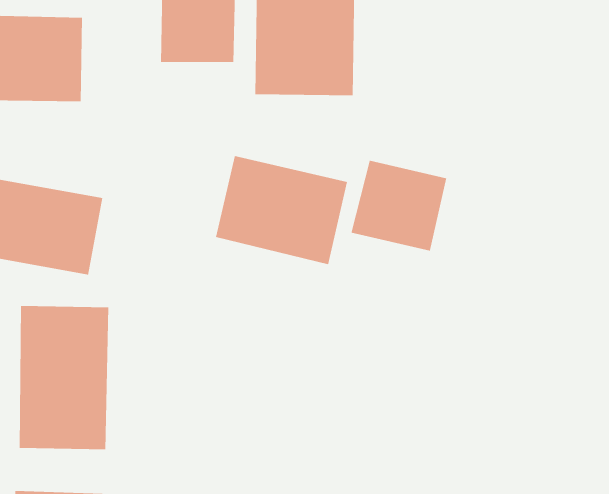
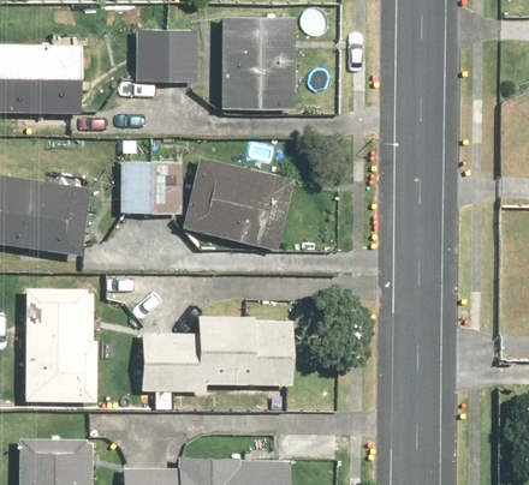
building: none -> [119,163,184,214]
building: [351,160,447,251] -> none
building: none -> [142,315,296,391]

